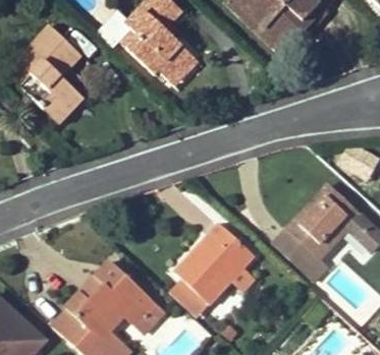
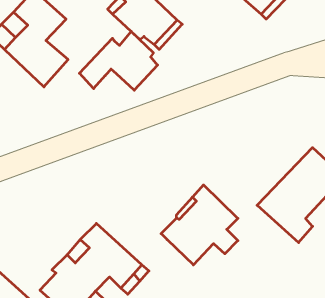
building: none -> [79,31,158,90]
building: [167,277,209,317] -> none

